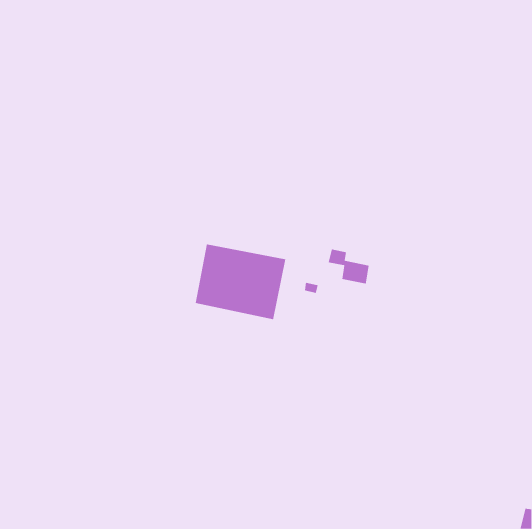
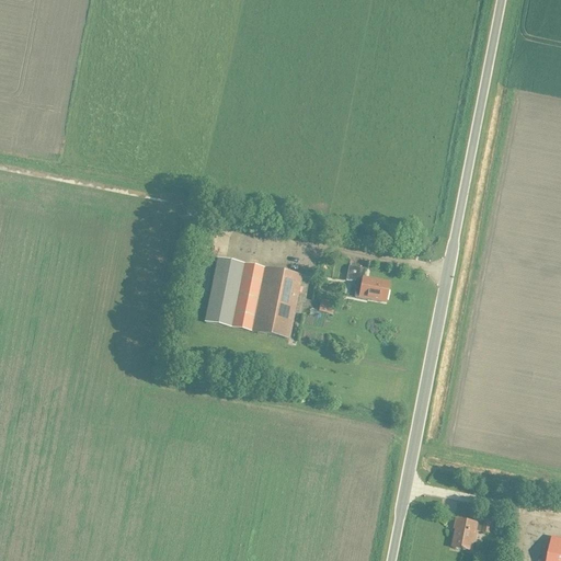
building: none -> [453,516,493,548]

